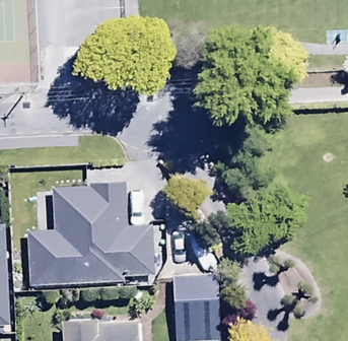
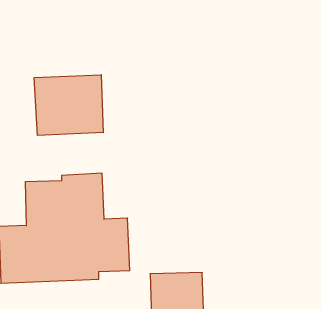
building: none -> [34,75,103,135]

